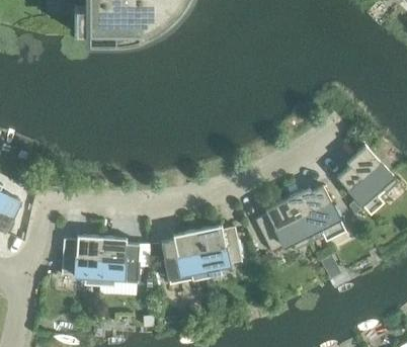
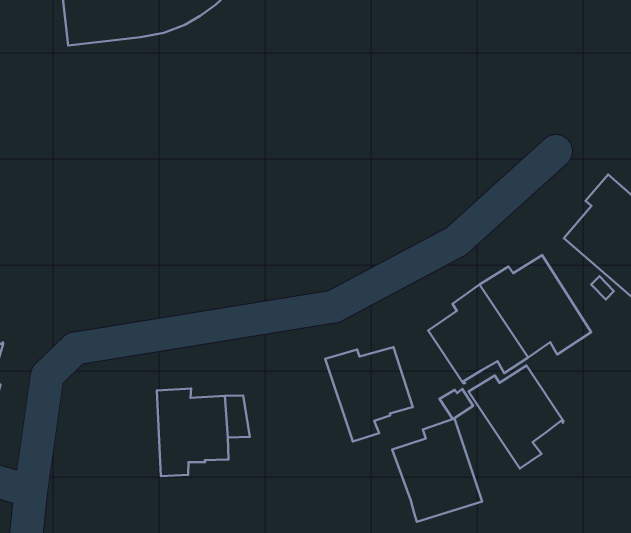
building: [160,230,207,284] -> [392,419,482,522]
building: [61,236,101,284] -> none
building: none -> [469,365,563,469]

